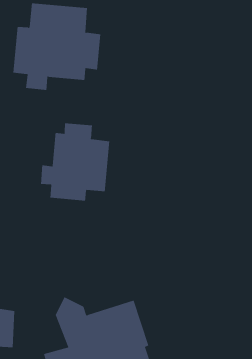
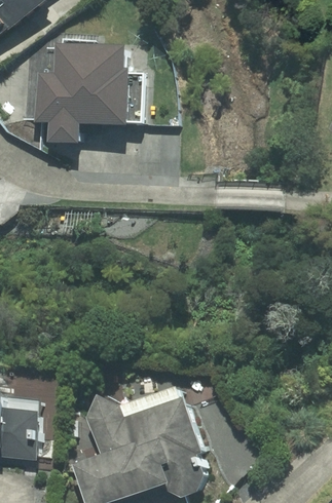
building: [40,122,110,201] -> none

